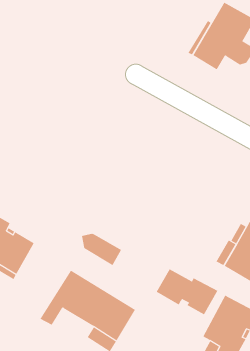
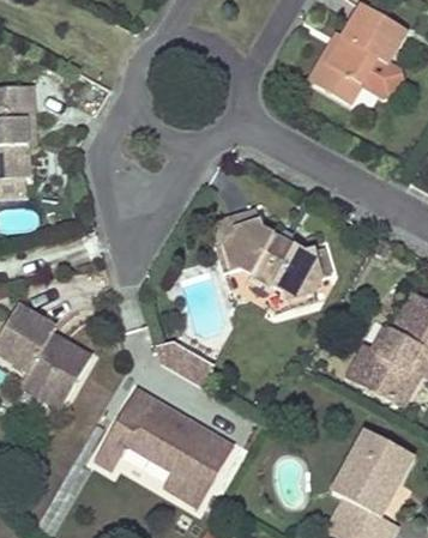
building: none -> [216,211,326,307]
building: [156,269,218,315] -> none

